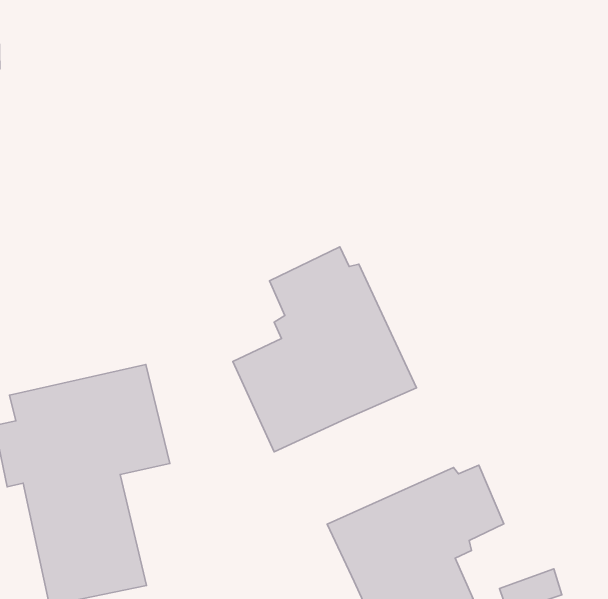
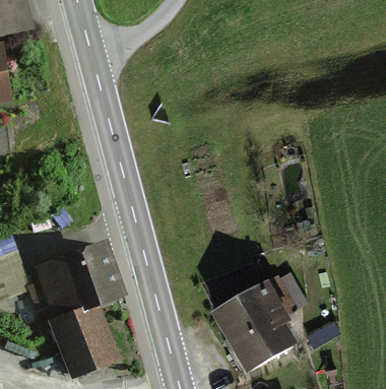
building: [233,247,416,452] -> none

